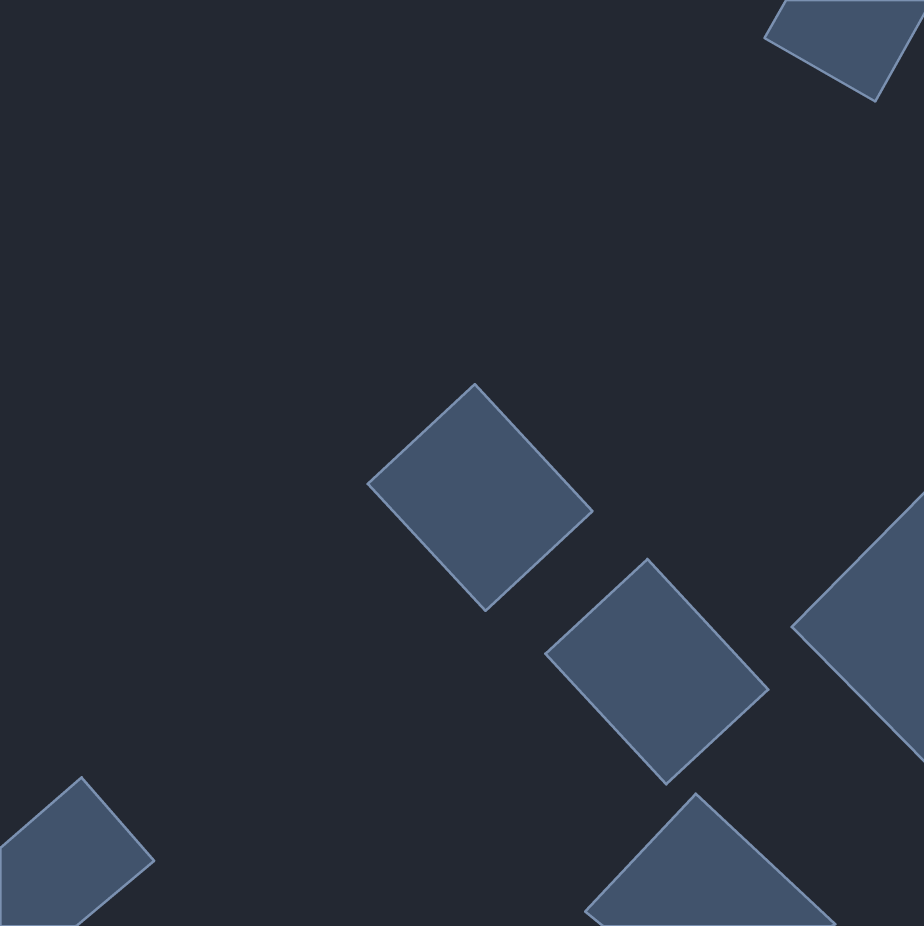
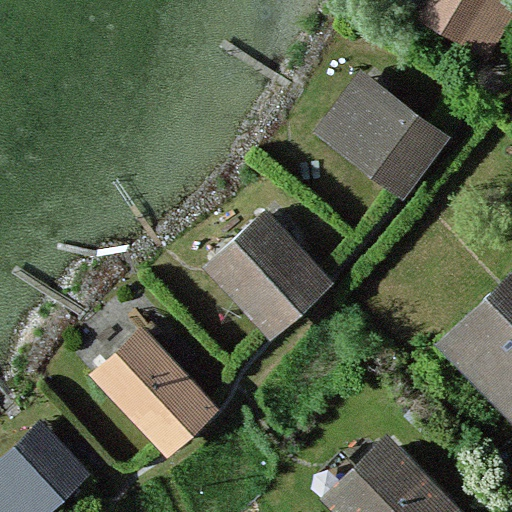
building: none -> [314,72,446,199]
building: [545,559,768,784] -> none
building: none -> [96,333,214,453]

